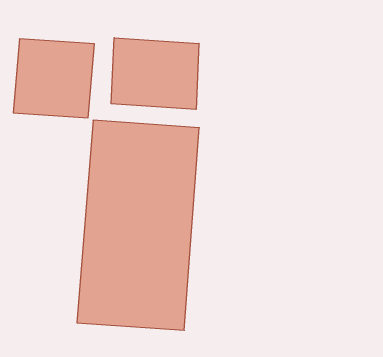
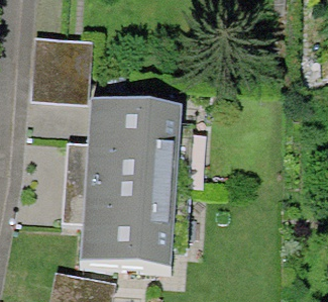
building: [111,38,199,109] -> none

